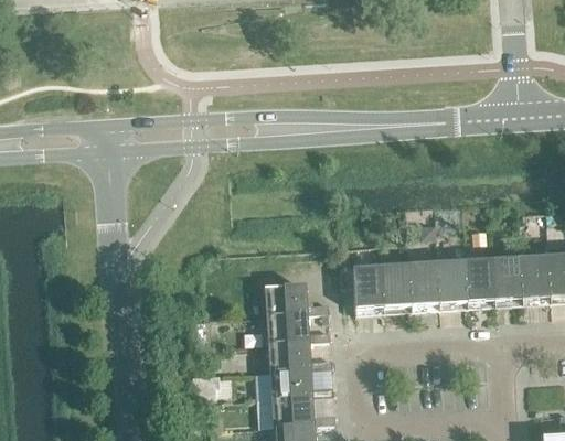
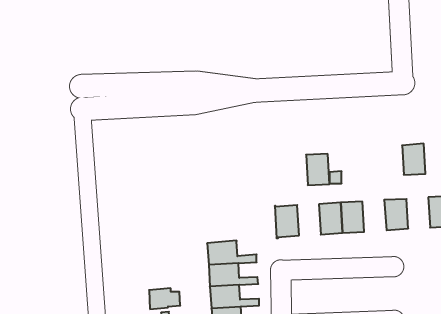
building: [520,255,550,294] -> [402,144,425,175]
building: [463,258,494,299] -> none
building: [381,263,411,303] -> [306,154,329,185]
building: [264,282,328,313] -> none

